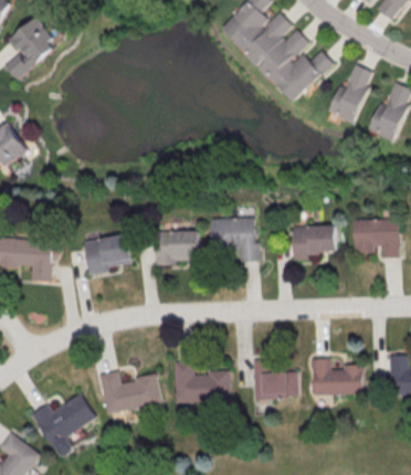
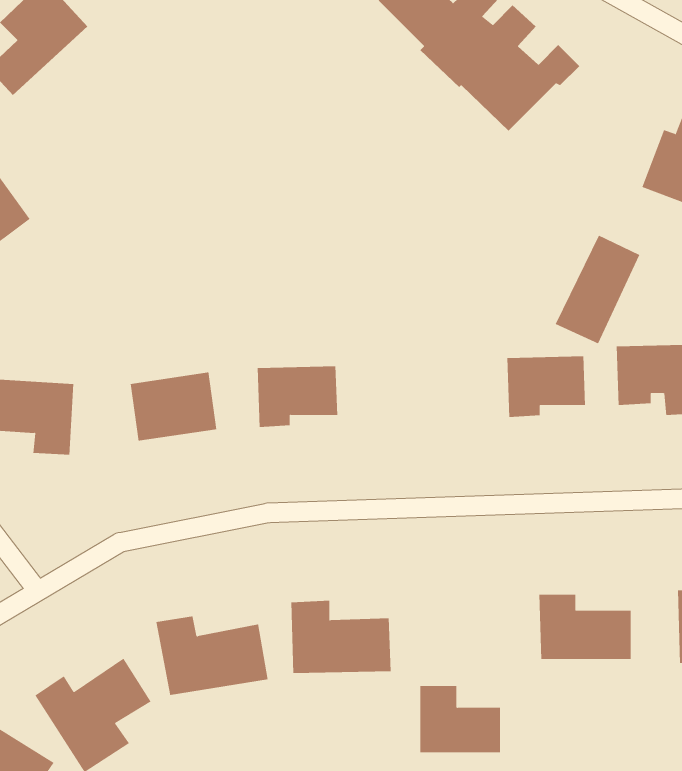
building: [328,62,376,123] -> [555,235,640,344]
building: [211,218,259,263] -> none
building: [252,359,297,397] -> [419,685,501,753]

